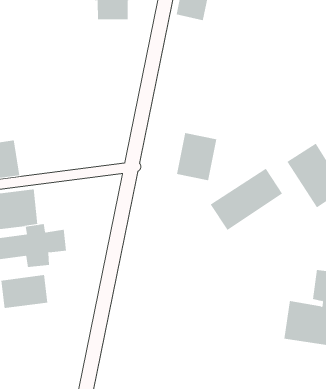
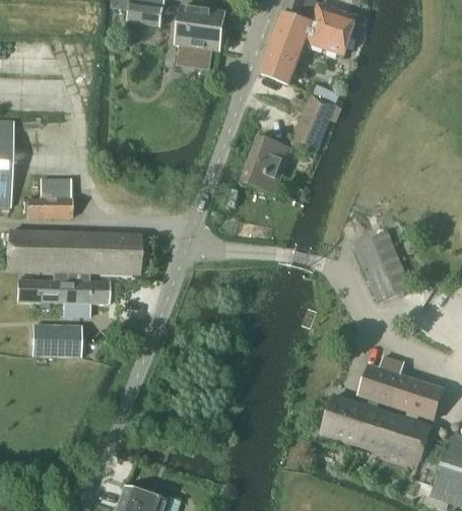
building: none -> [290,94,336,154]
building: [176,133,217,181] -> [241,136,289,191]
building: [210,168,283,231] -> none
building: none -> [80,234,138,274]

